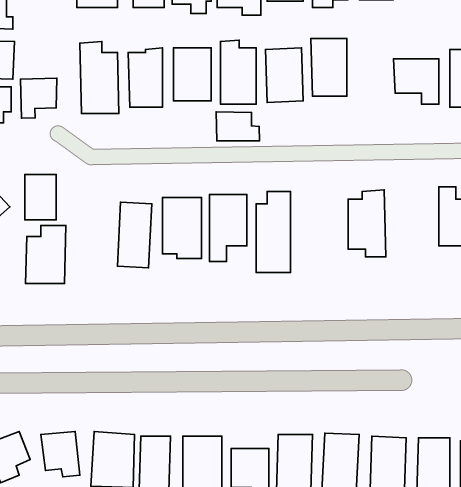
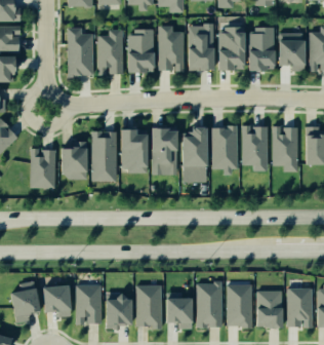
building: none -> [249,28,273,68]
building: [21,78,57,118] -> none
building: [216,112,259,141] -> none
building: [25,175,56,220] -> [64,149,84,179]
building: none -> [214,127,239,168]
building: none -> [274,127,298,172]

